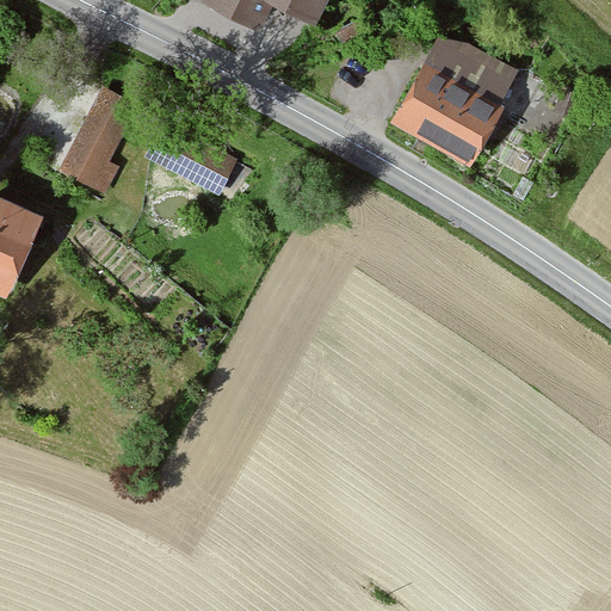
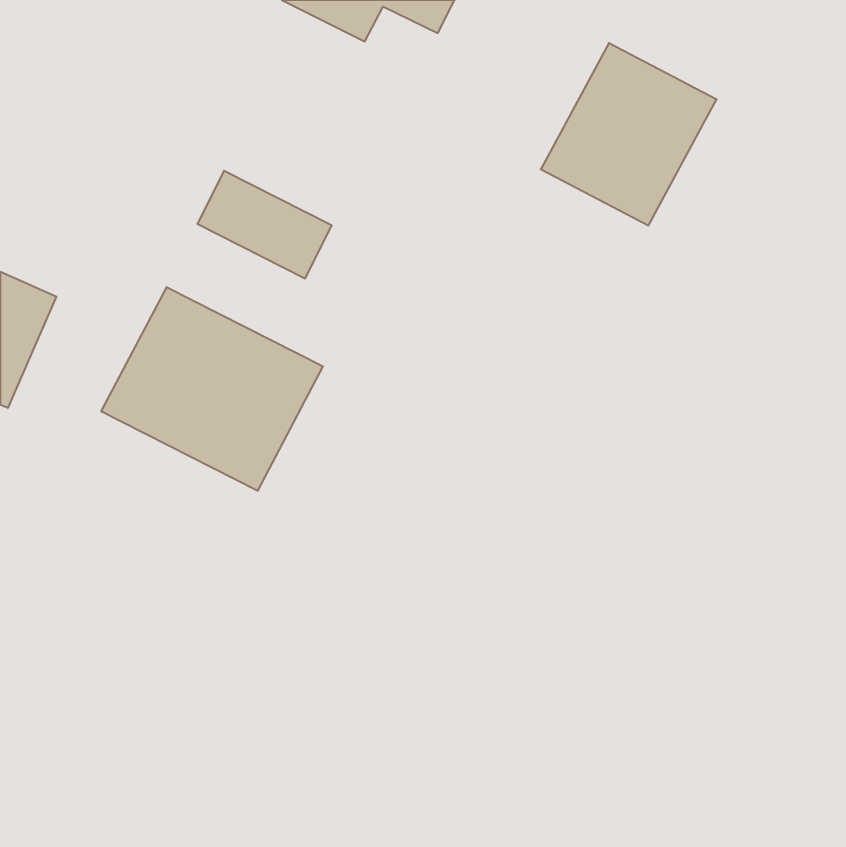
building: [58,88,136,199] -> none
building: none -> [101,287,323,491]

